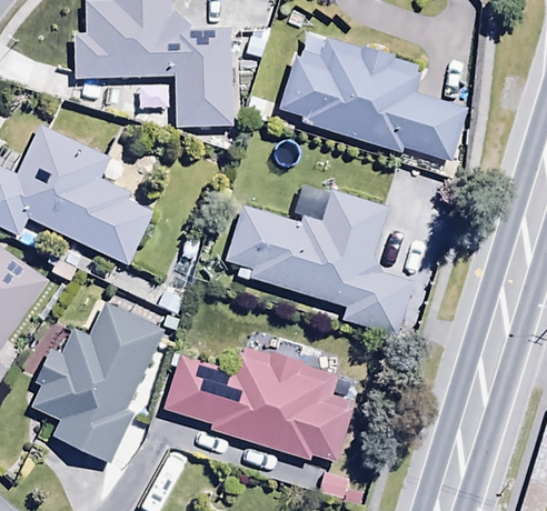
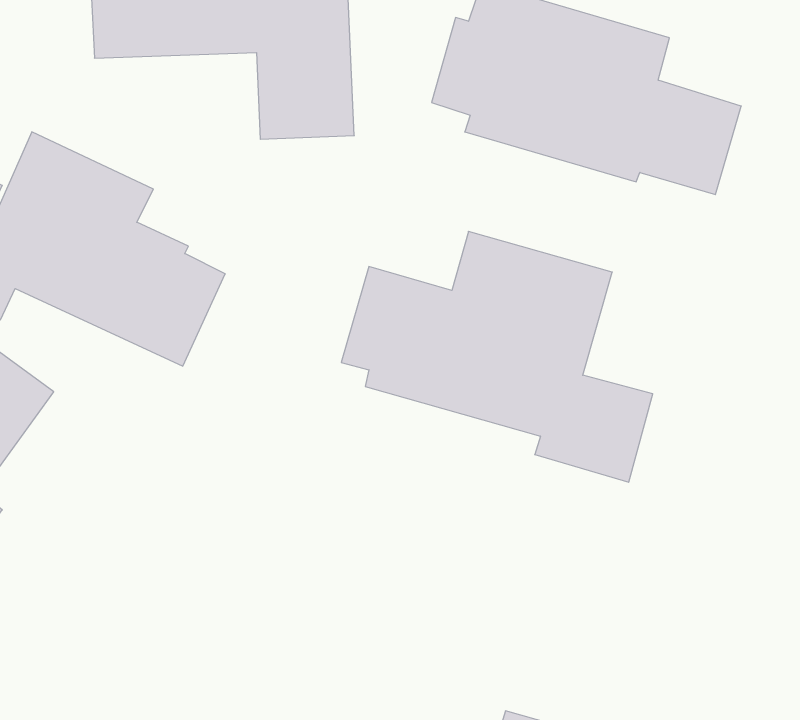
building: [31,299,167,464] -> none
building: [165,342,352,461] -> none

